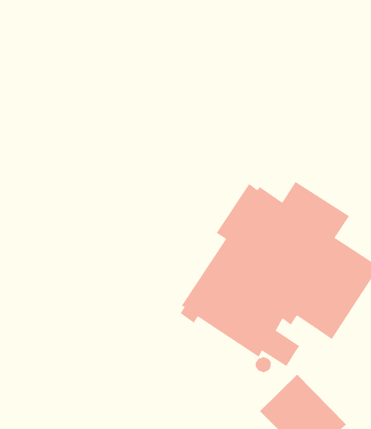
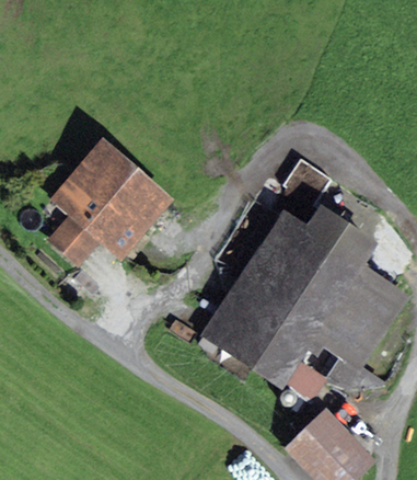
building: none -> [45,136,175,266]
building: none -> [323,357,384,391]

